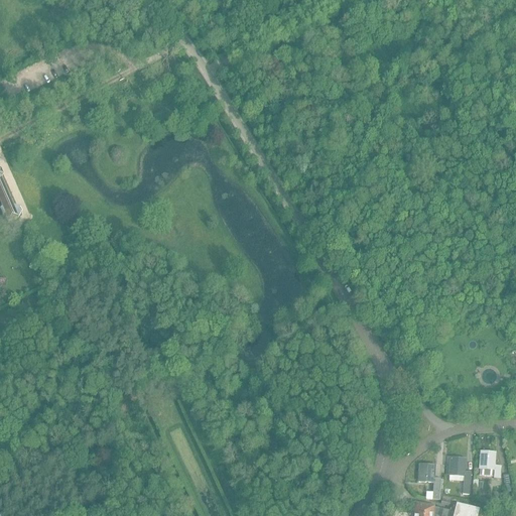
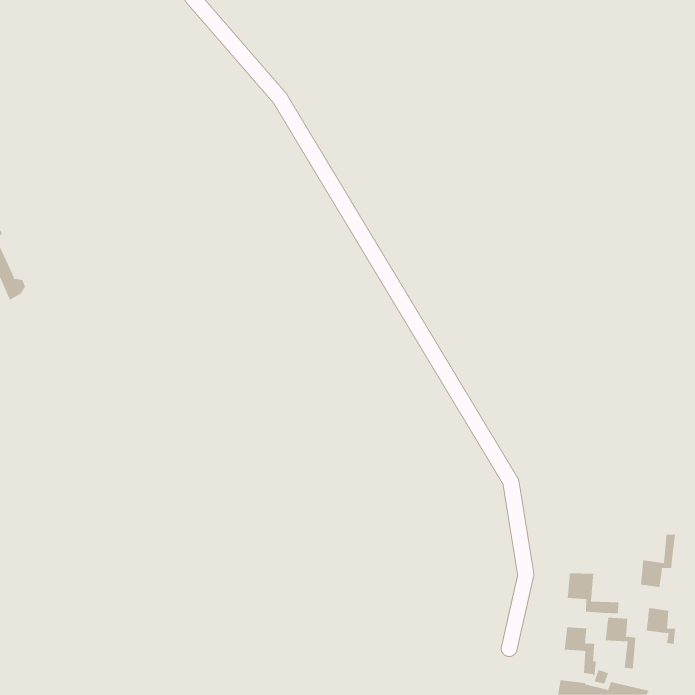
building: none -> [641,534,675,588]
building: none -> [567,572,619,614]

